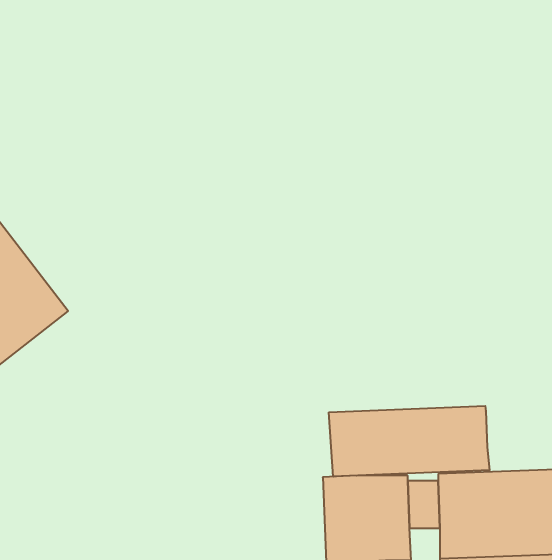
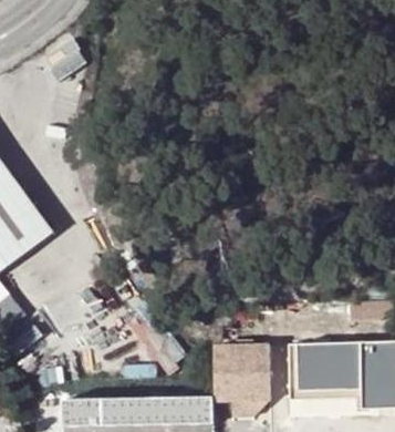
building: [329,406,490,477] -> none

